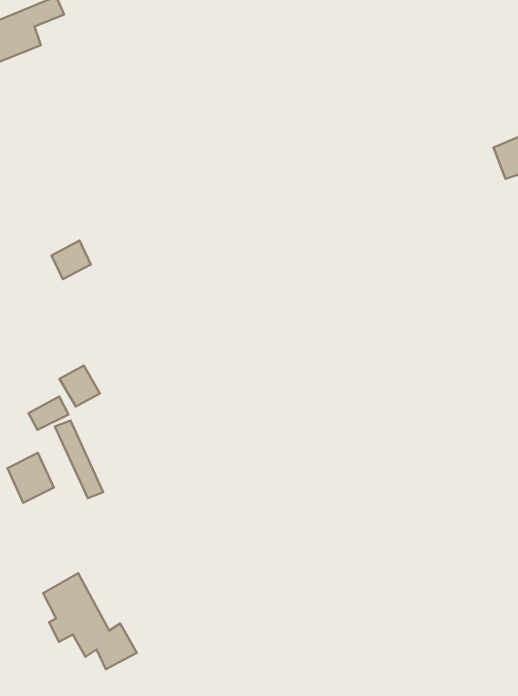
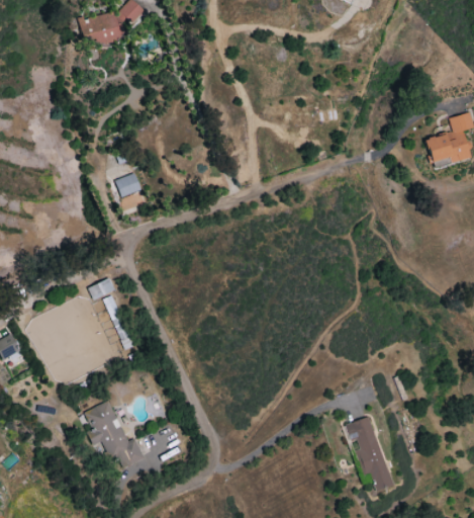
building: [60,366,100,407] -> none
building: [7,453,54,503] -> none
building: none -> [345,417,392,491]

